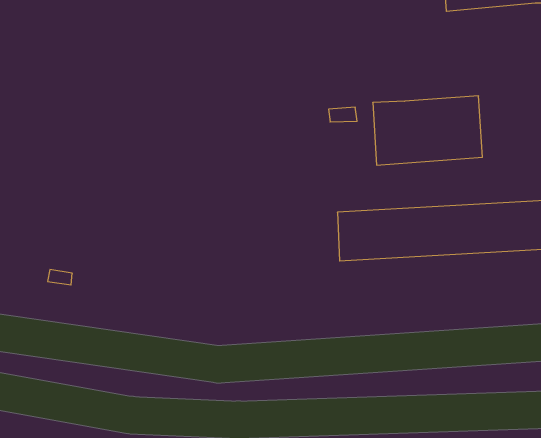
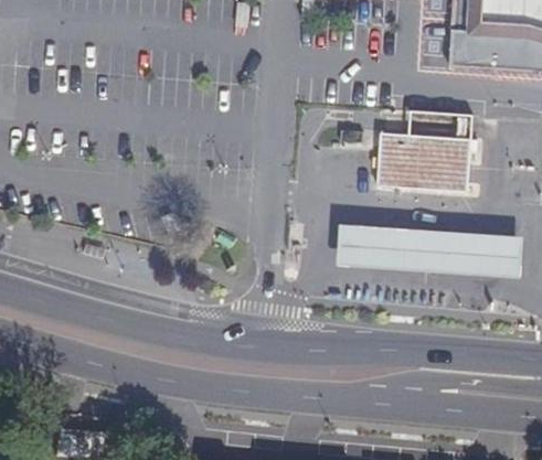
building: none -> [408,109,474,138]

